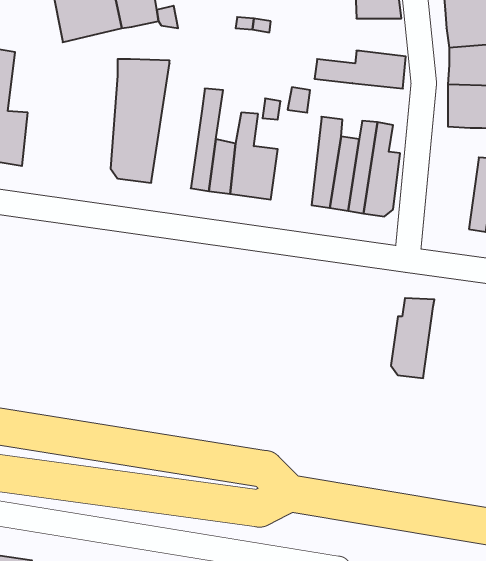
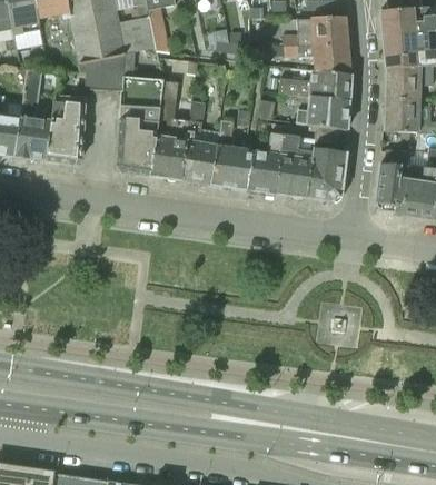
building: none -> [274,43,350,75]
building: none -> [79,51,133,90]
building: none -> [149,80,189,179]
building: none -> [47,96,86,165]
building: none -> [290,96,348,129]
building: none -> [244,121,284,192]
building: [391,298,434,378] -> [375,148,409,211]

